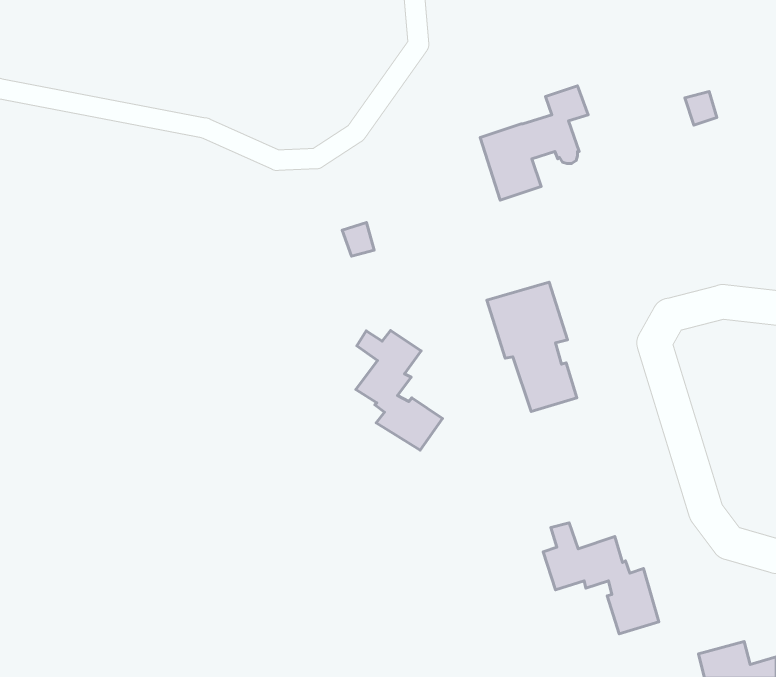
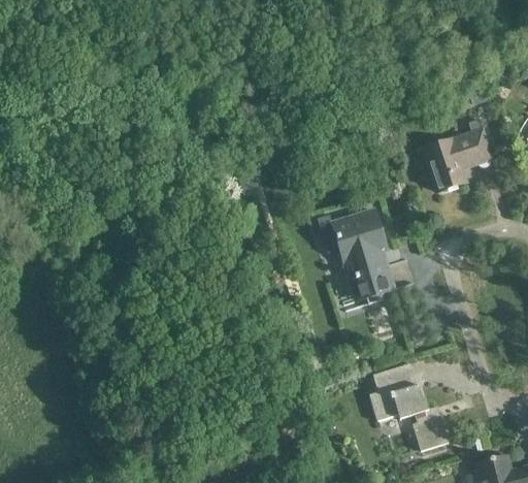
building: [480,86,588,200] -> [423,114,496,191]
building: [356,330,443,450] -> none

